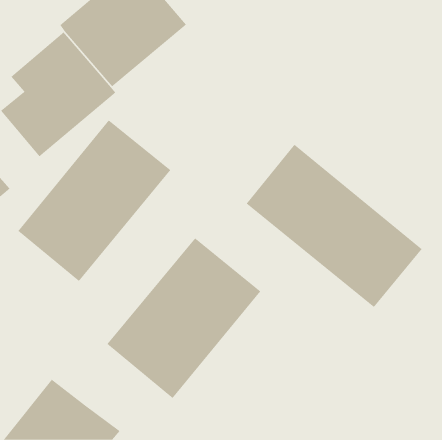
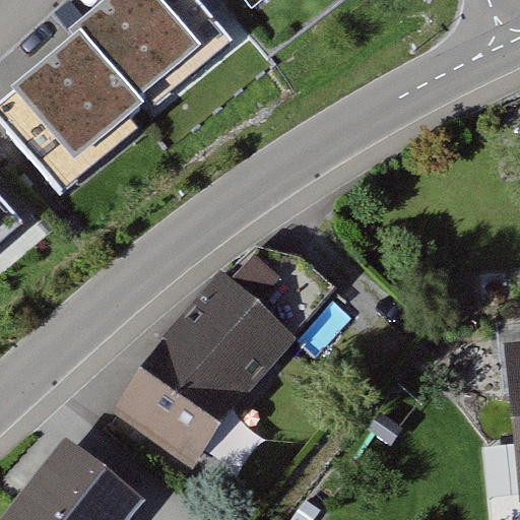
building: [18,119,171,282] -> none
building: [246,144,423,308] -> none

